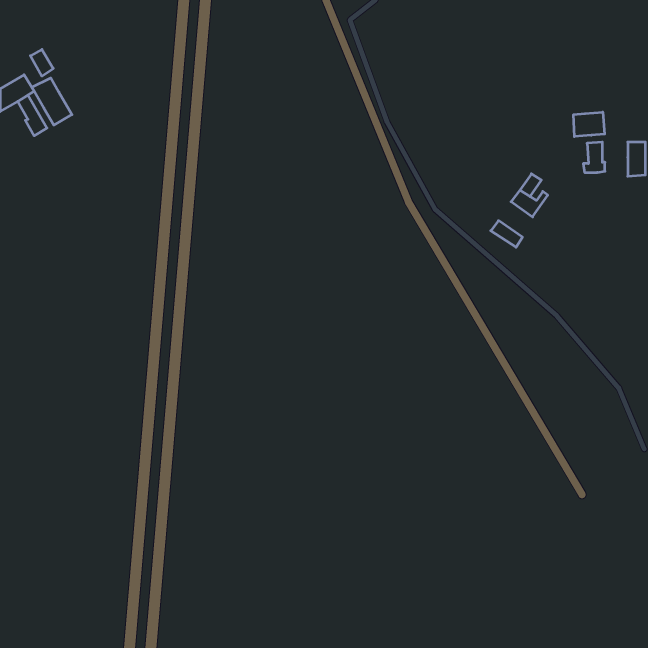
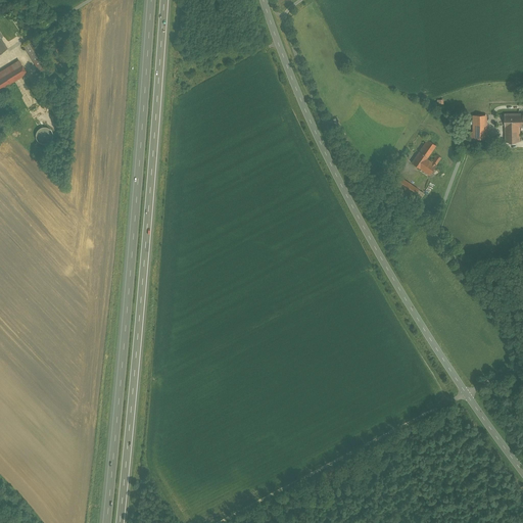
building: [32,78,72,125] -> none
building: [574,112,605,137] -> none

